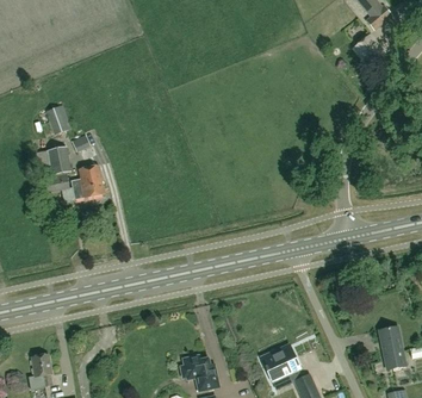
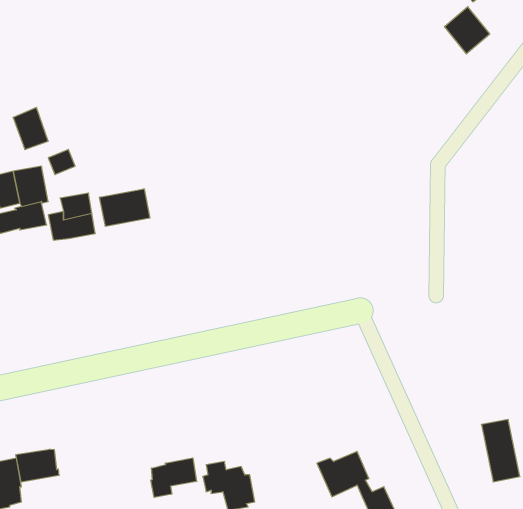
building: none -> [100,189,150,226]
building: none -> [16,449,59,482]
building: none -> [151,458,197,497]

